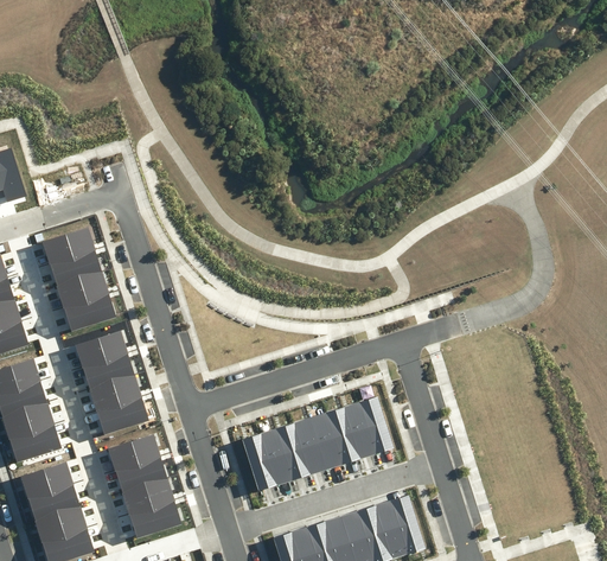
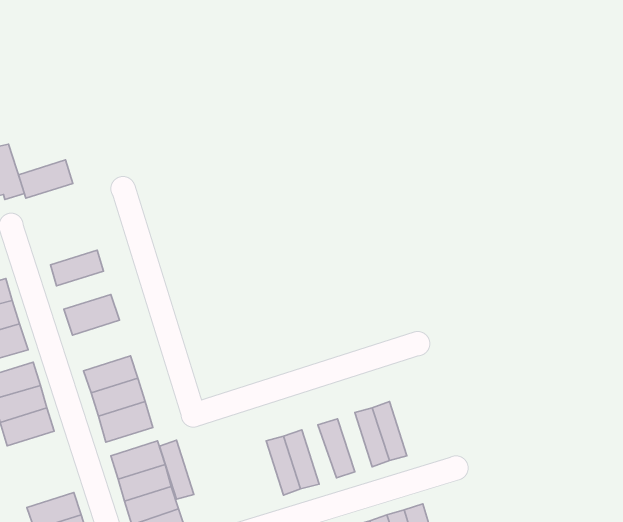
building: [43,228,95,264] -> [19,160,73,198]
building: [56,270,108,307] -> none
building: [75,330,127,366] -> none
building: [326,407,359,464] -> none
building: [292,419,325,476] -> none
building: [8,425,62,463] -> none
building: [241,434,274,491] -> [159,440,194,499]
building: [20,461,72,498] -> none

